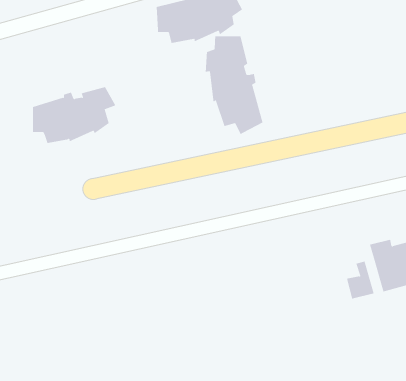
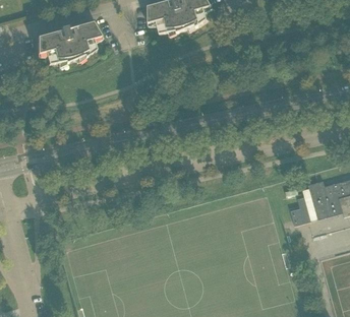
building: [205,35,263,135] -> none
building: [32,86,116,144] -> [37,21,100,64]

